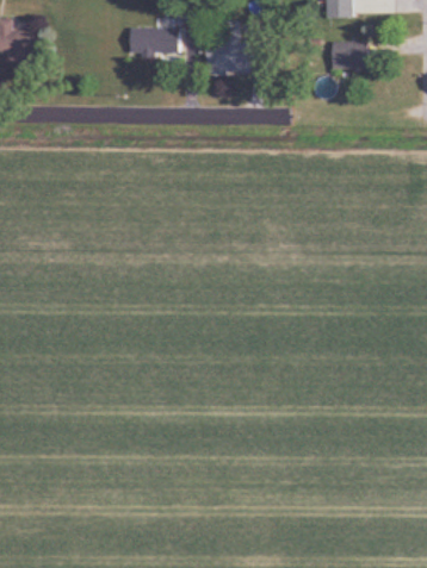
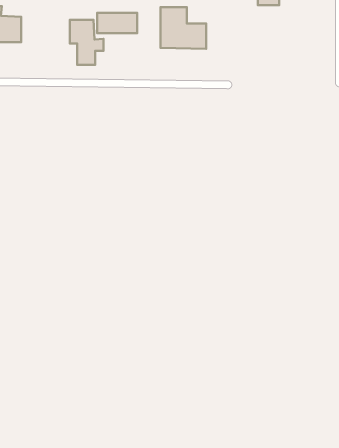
building: none -> [70,20,103,65]
building: [332,42,367,69] -> none

